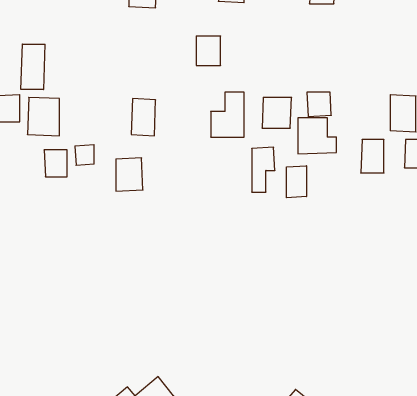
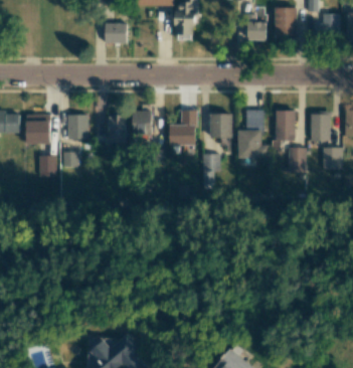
building: [196,36,221,65] -> [133,111,152,134]
building: [21,44,45,90] -> none
building: none -> [276,110,295,141]
building: [116,158,143,191] -> [68,114,90,140]
building: [287,166,306,198] -> none

